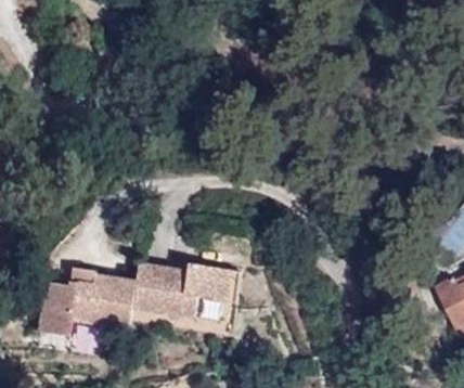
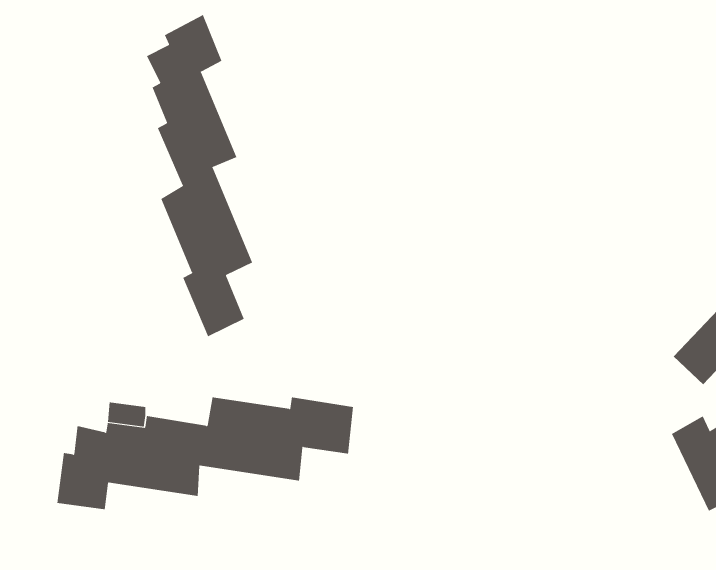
building: none -> [146,14,253,337]

